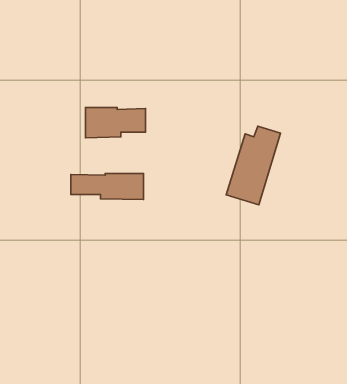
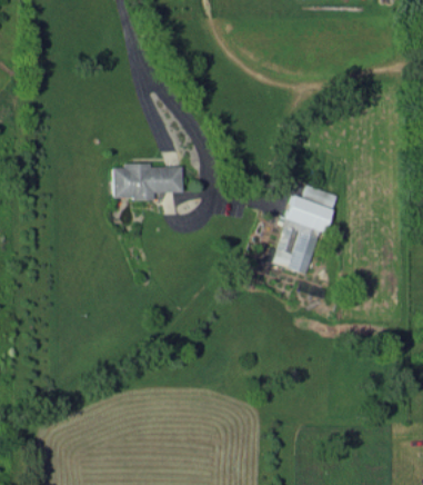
building: [71,174,143,200] -> none

